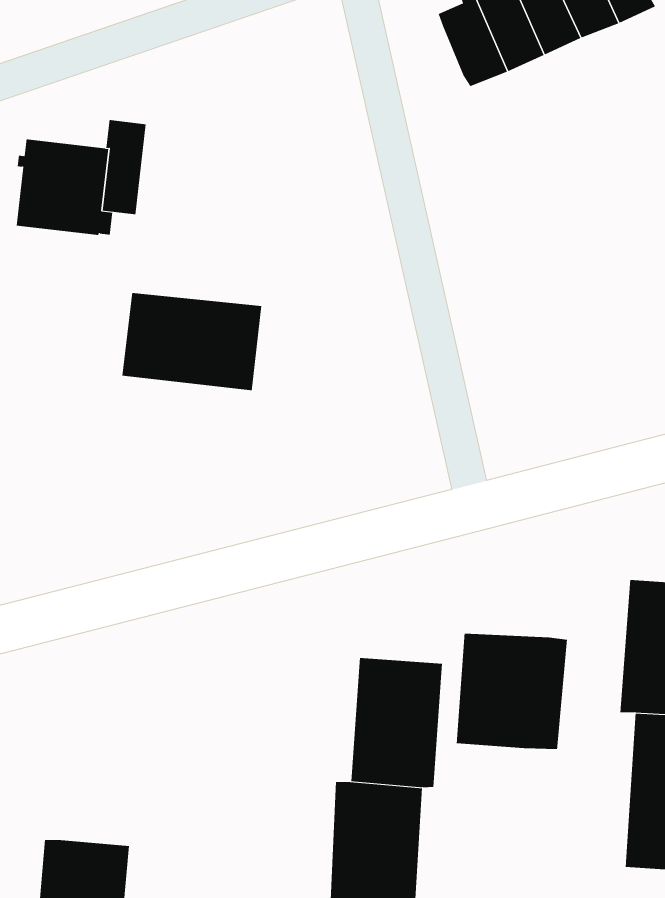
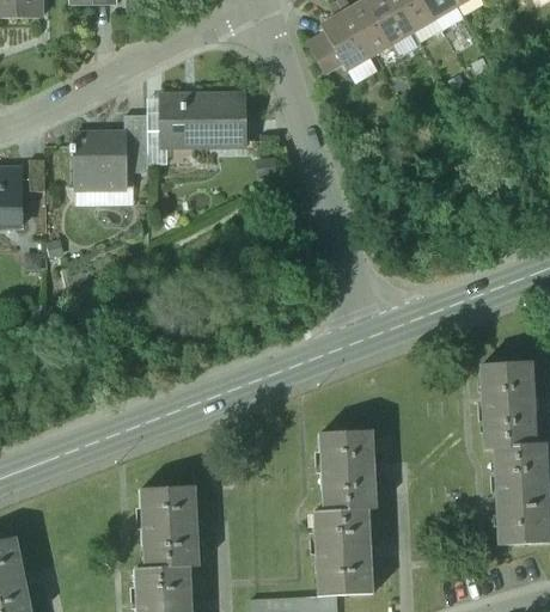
building: none -> [307,32,342,73]
building: [122,292,262,391] -> [163,93,245,147]
building: [456,633,568,750] -> none
building: none -> [141,485,200,567]

